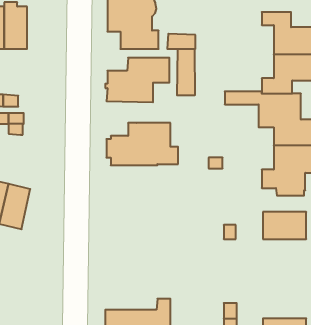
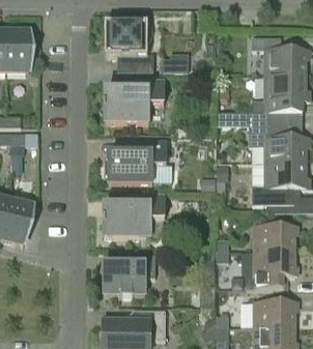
building: [177,49,195,95] -> none
building: none -> [104,194,165,239]
building: none -> [246,252,295,289]
building: none -> [105,253,157,294]
building: none -> [254,301,295,327]

